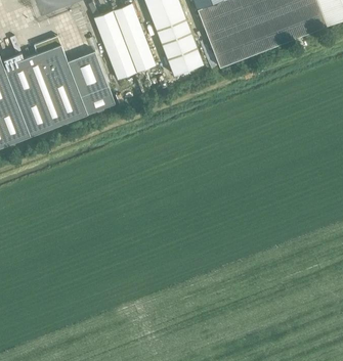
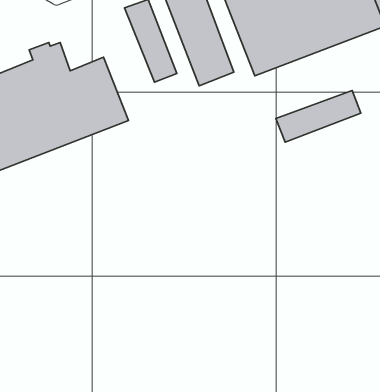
building: [94,10,137,80] -> none
building: none -> [276,90,361,142]

